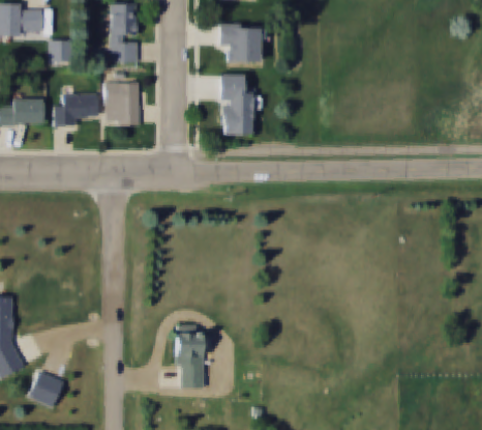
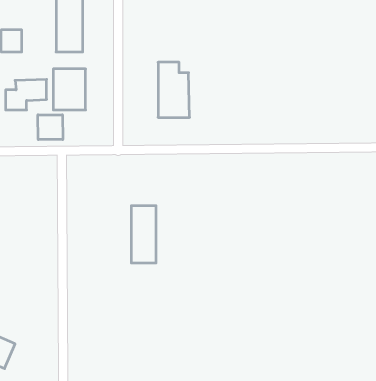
building: [218,24,262,63] -> none
building: none -> [38,115,63,140]
building: [176,325,203,388] -> [131,206,156,263]

